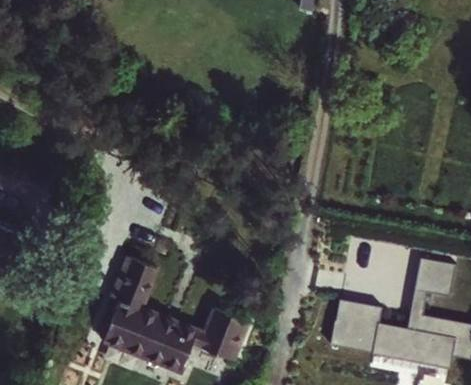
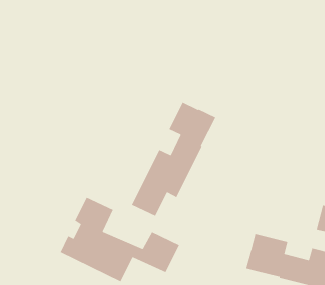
building: none -> [131,101,216,217]

